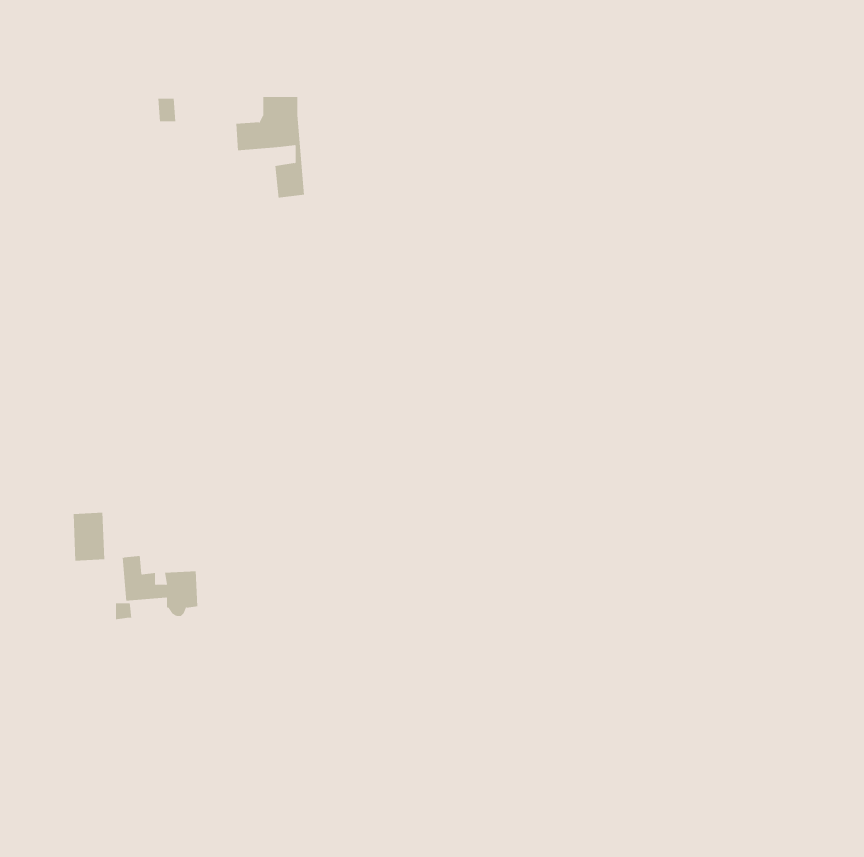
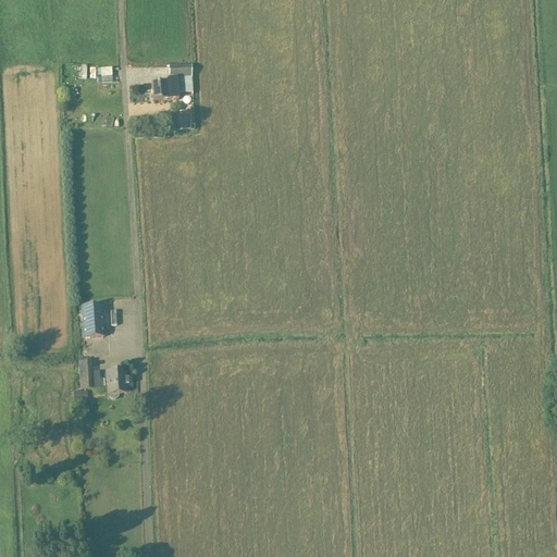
building: [73,512,105,561] -> [84,302,104,334]

